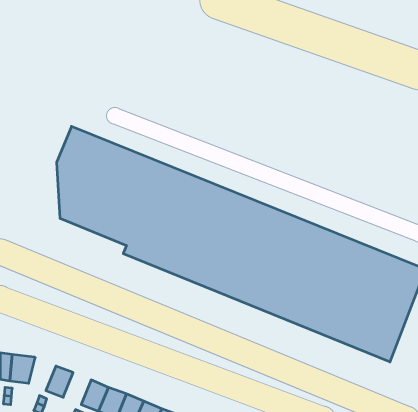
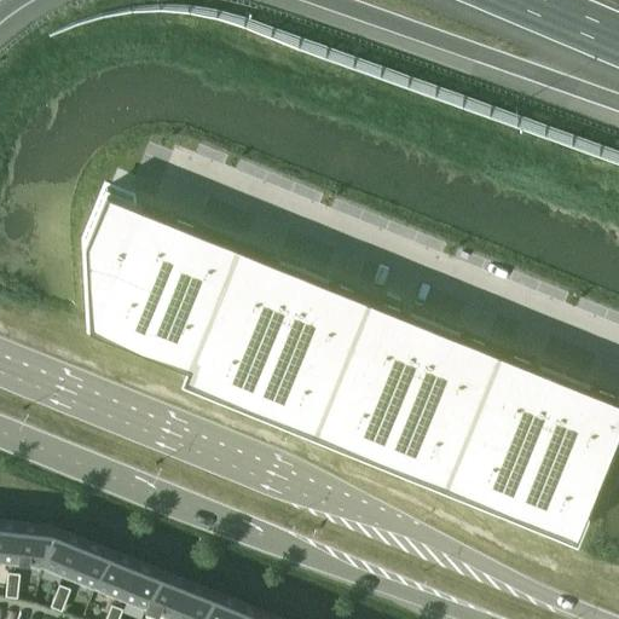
building: none -> [45,538,85,586]
building: none -> [96,560,137,607]

